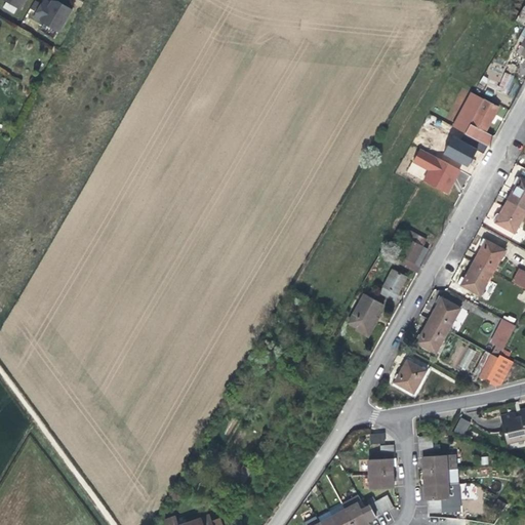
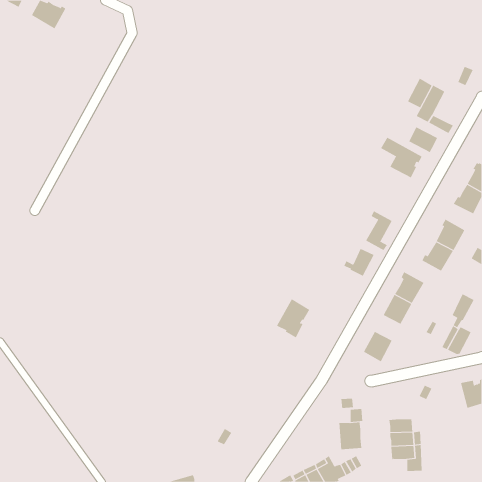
building: [471,99,498,132] -> [407,78,433,108]
building: [348,293,385,336] -> [276,299,310,338]

